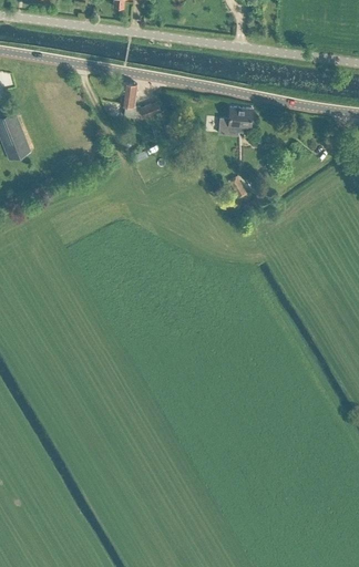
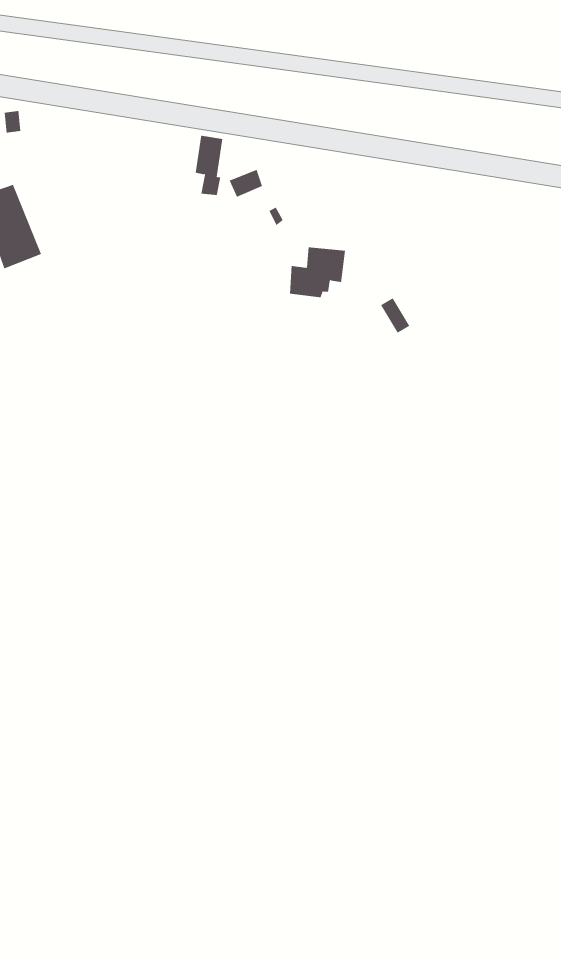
building: [218,106,252,136] -> [289,247,346,298]

